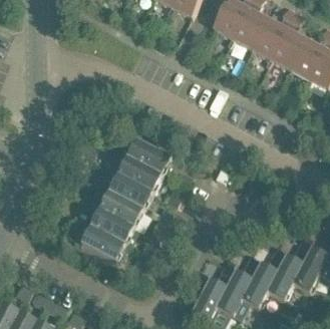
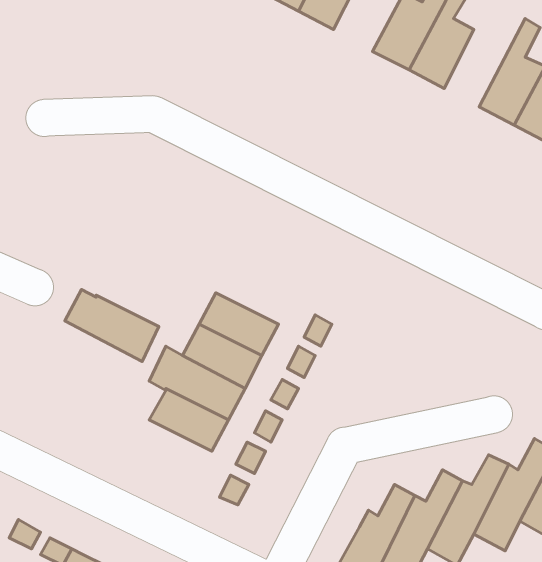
building: [251,6,295,58] -> none
building: [126,141,170,177] -> none
building: [73,226,124,265] -> [65,290,159,362]

